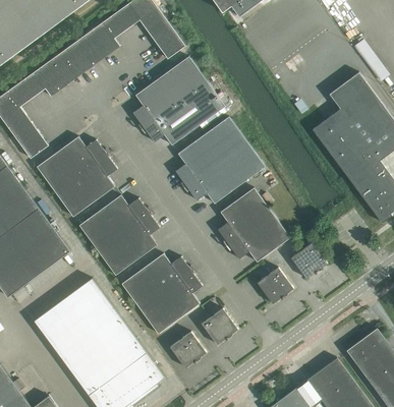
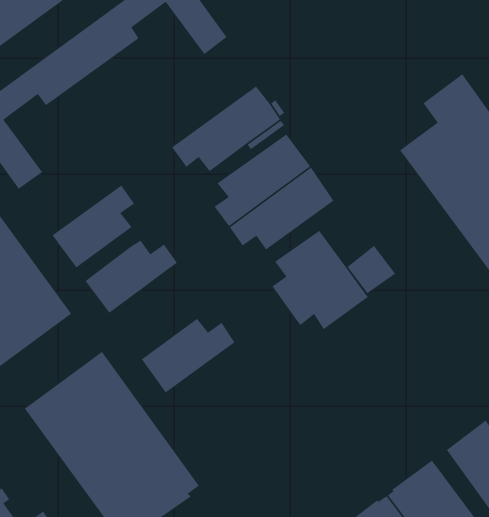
building: [132,57,206,127] -> none
building: [36,136,106,192] -> none
building: [97,213,159,276] -> none
building: [290,242,327,279] -> [347,245,396,294]
building: [257,268,292,304] -> none
building: [138,272,202,334] -> none
building: [201,308,237,345] -> none
building: [169,332,206,368] -> none

